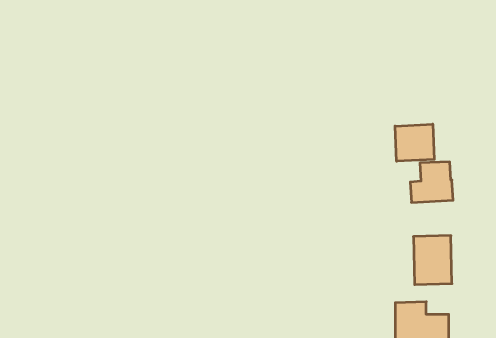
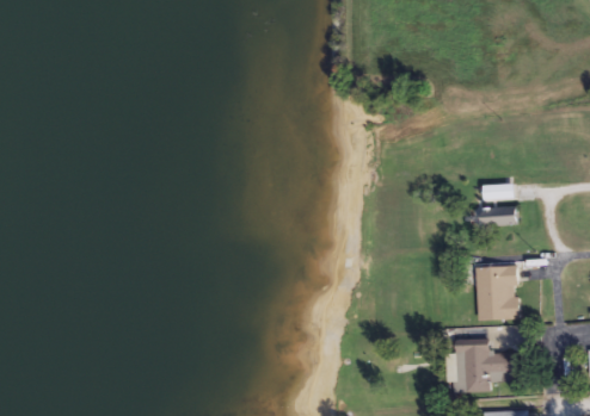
building: [395,124,434,161] -> none

